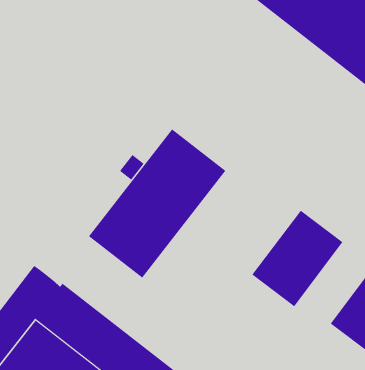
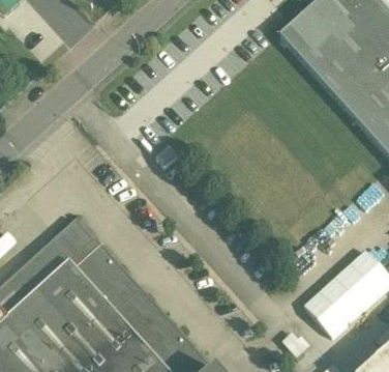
building: [88,128,226,279] -> none
building: [252,210,343,307] -> none

